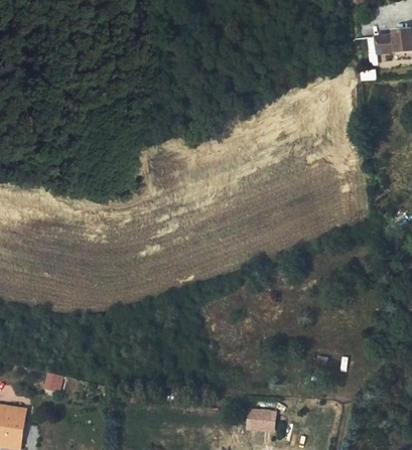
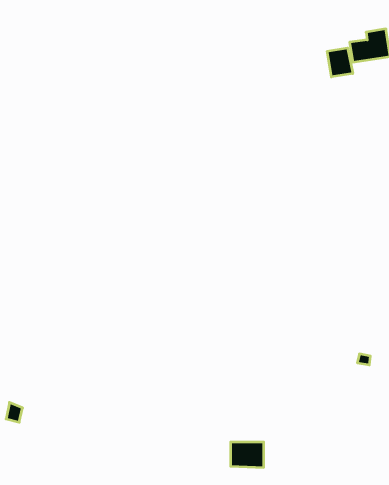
building: none -> [327,48,353,77]

